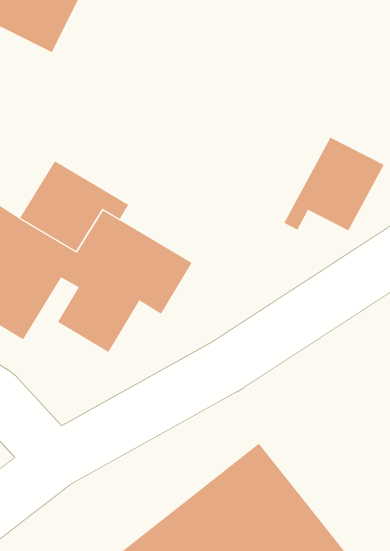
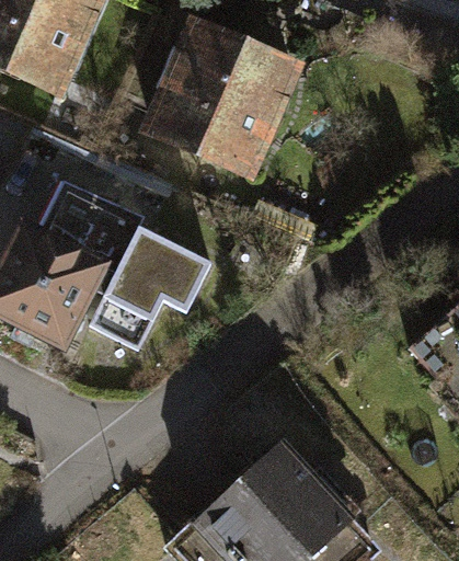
building: none -> [153,32,294,175]
building: [284,137,385,231] -> none

